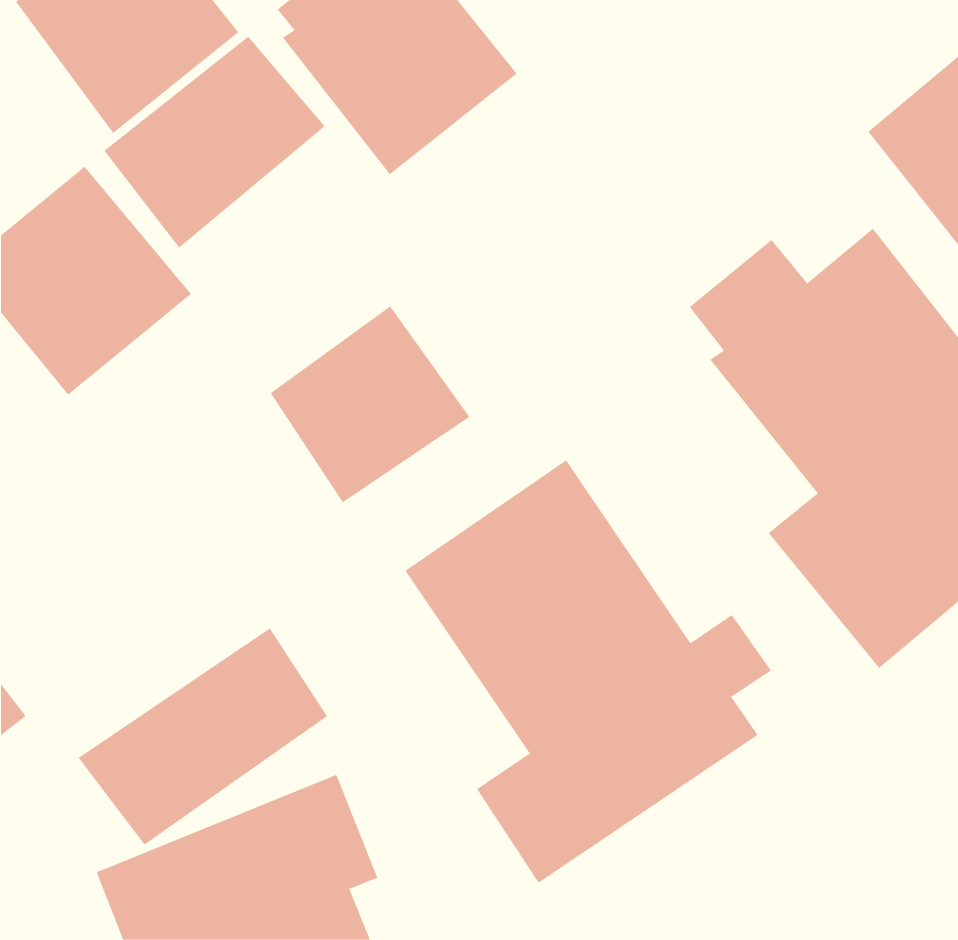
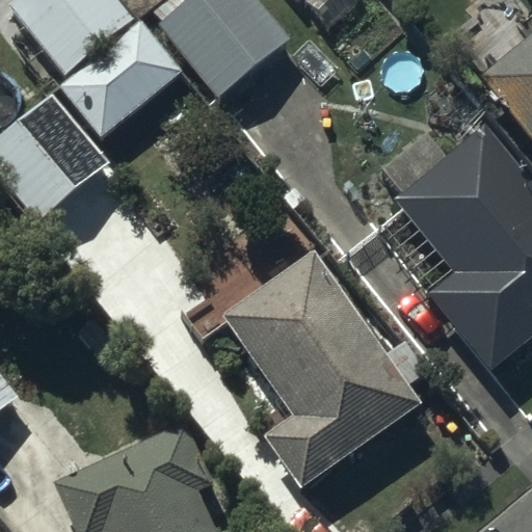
building: [270,306,470,503] -> none
building: [78,628,328,845] -> none

